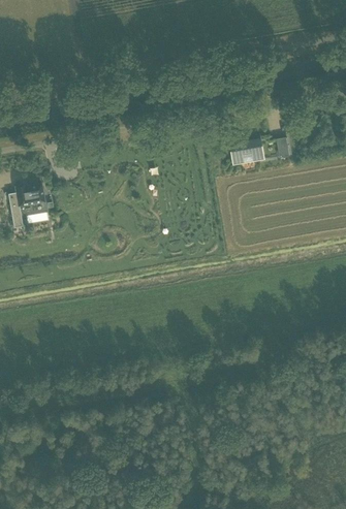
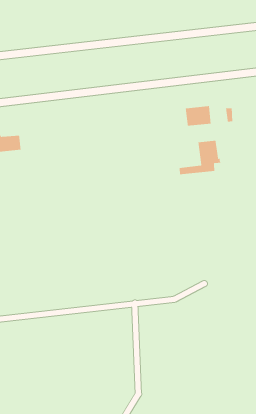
building: none -> [179,140,221,175]

